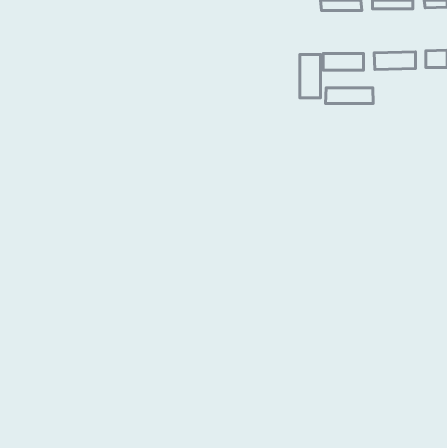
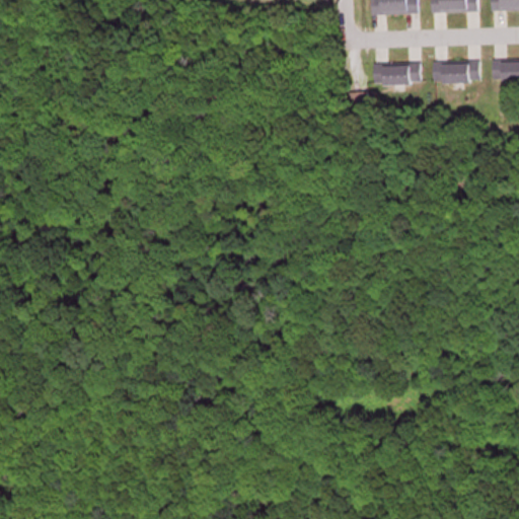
building: [300,54,320,98] -> none
building: [326,88,373,103] -> none

